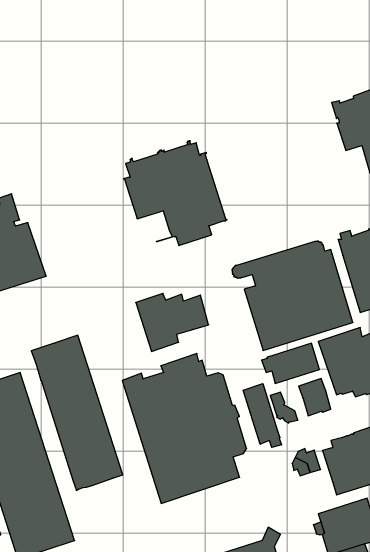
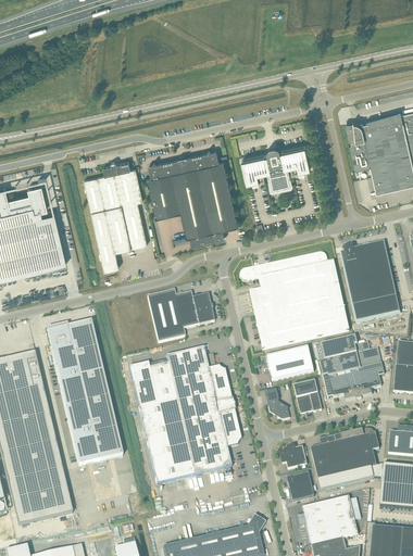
building: none -> [241,144,311,189]
building: none -> [84,160,147,269]
building: [243,384,282,447] -> none
building: none -> [287,470,314,500]

